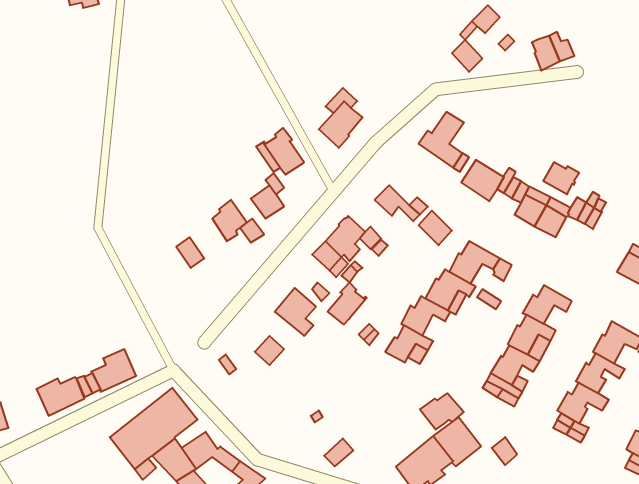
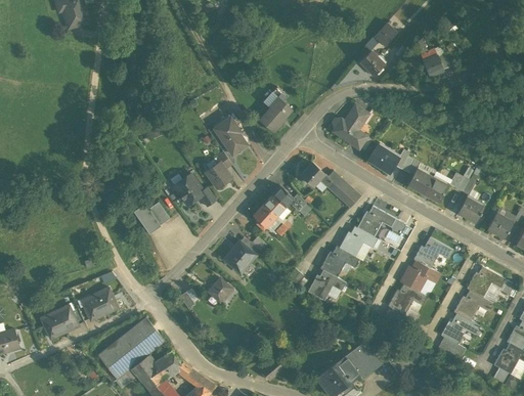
building: [543,162,579,194] -> [456,197,484,222]
building: none -> [132,204,160,234]
building: [328,283,367,324] -> none
building: [420,393,464,430] -> none

